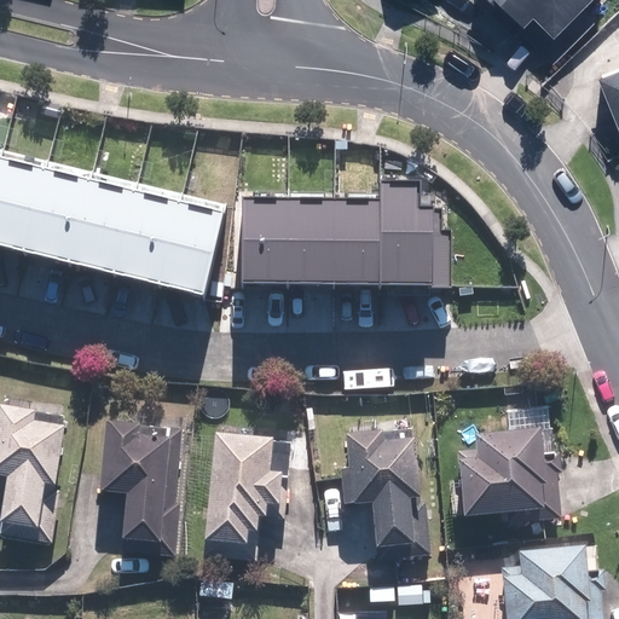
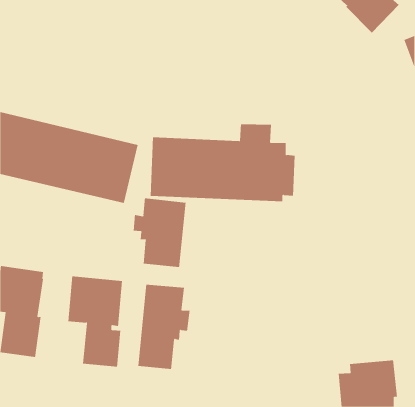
building: none -> [133,197,186,268]
building: [458,417,562,511] -> none
building: [341,420,430,549] -> none

